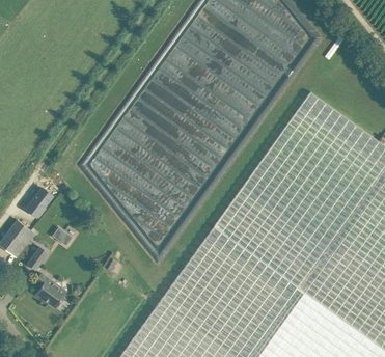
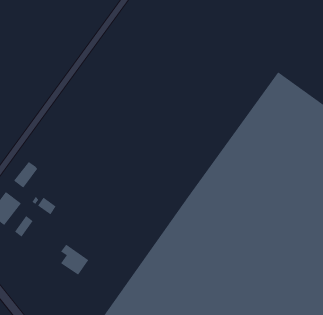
building: [35,273,66,307] -> [60,244,89,276]

